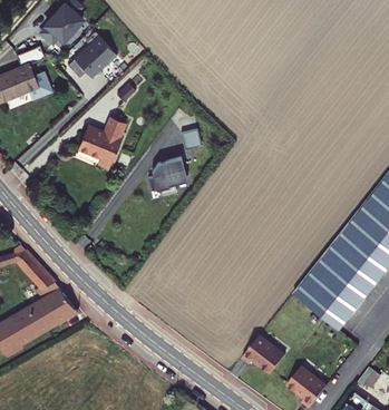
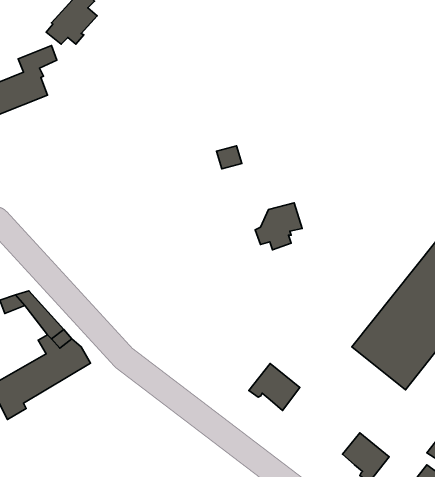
building: [72,37,116,78] -> none
building: [79,116,127,168] -> none
building: [147,156,186,195] -> [255,203,302,250]
building: [243,335,285,374] -> [249,364,300,410]

